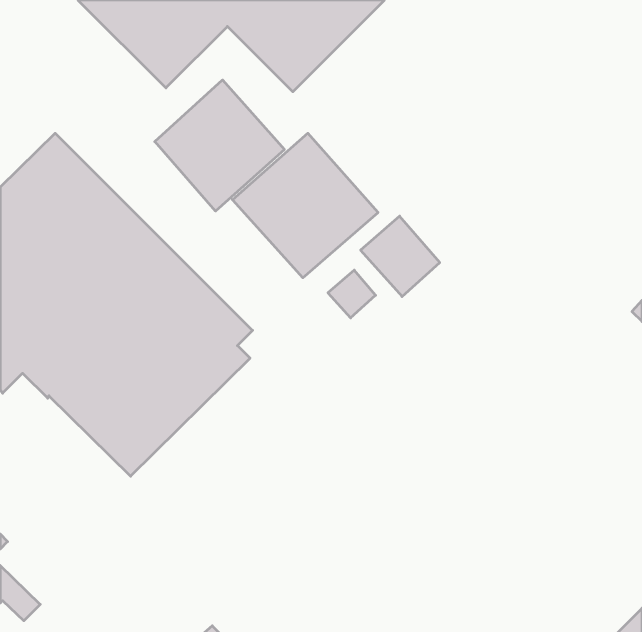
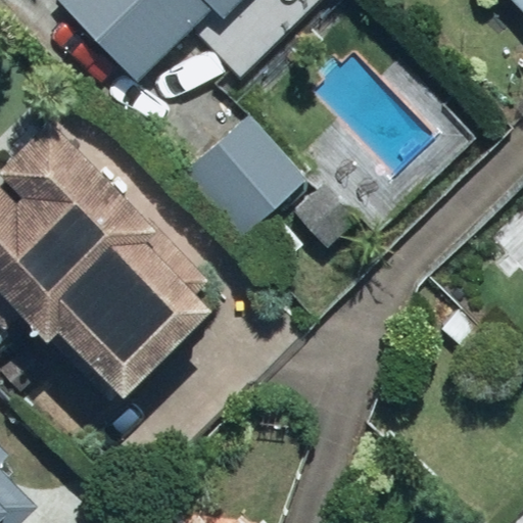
building: [155,80,284,211] -> none

